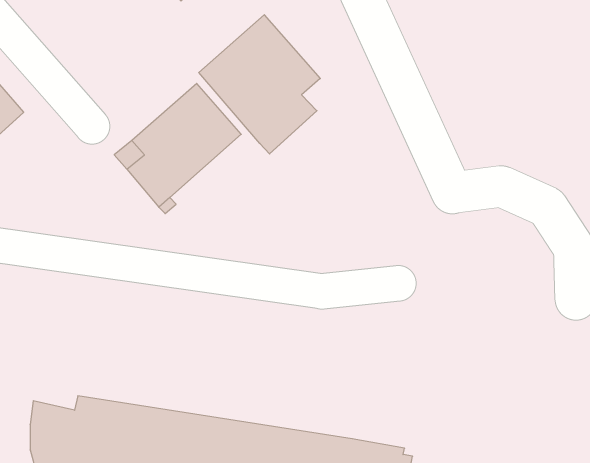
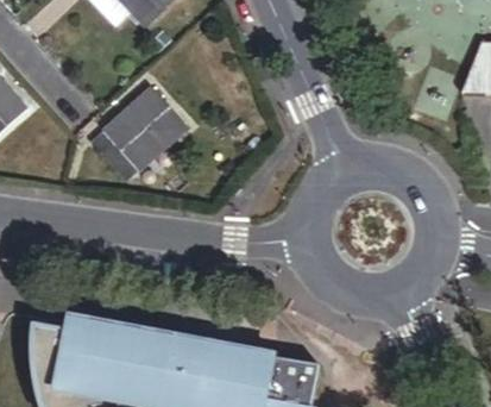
building: [199,15,320,154] -> none

